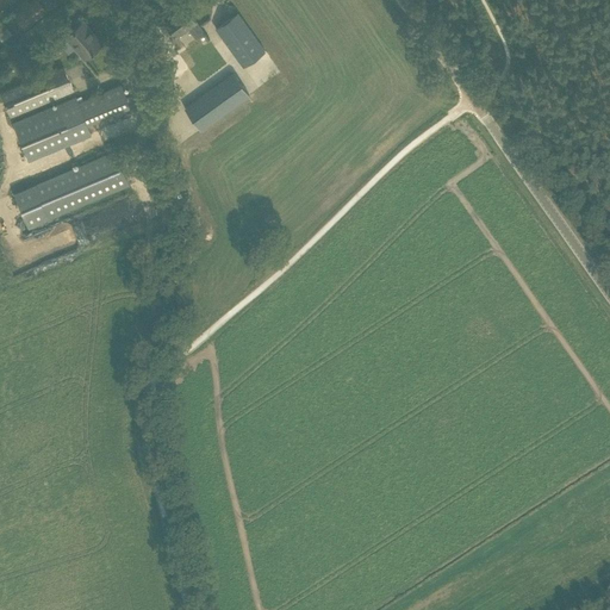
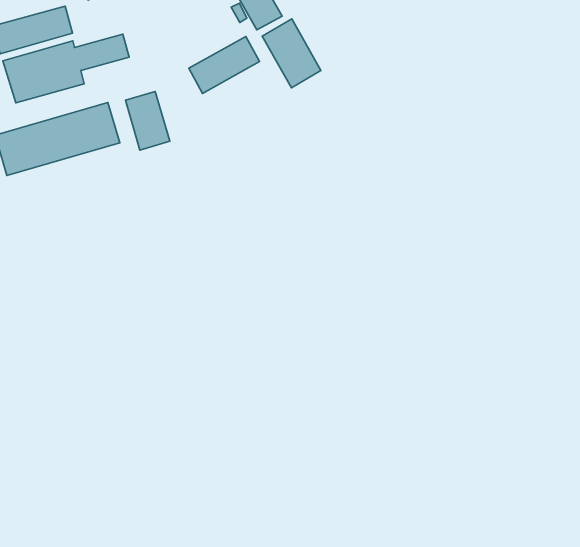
building: none -> [262,19,321,88]
building: none -> [125,92,170,150]

